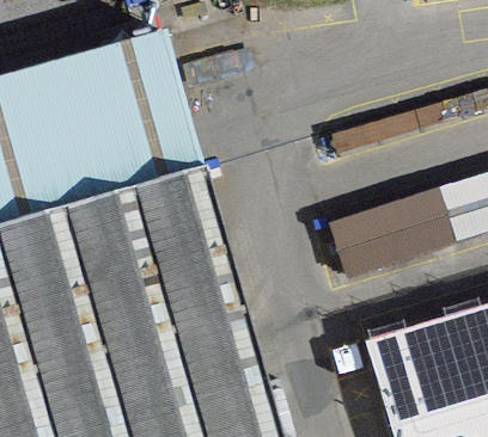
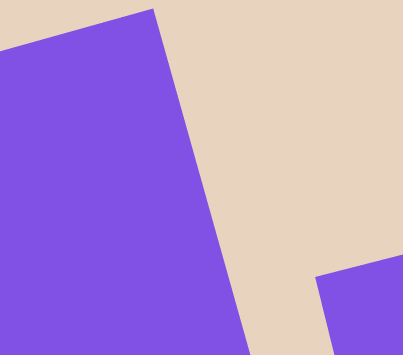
building: [310,191,445,285] -> none

